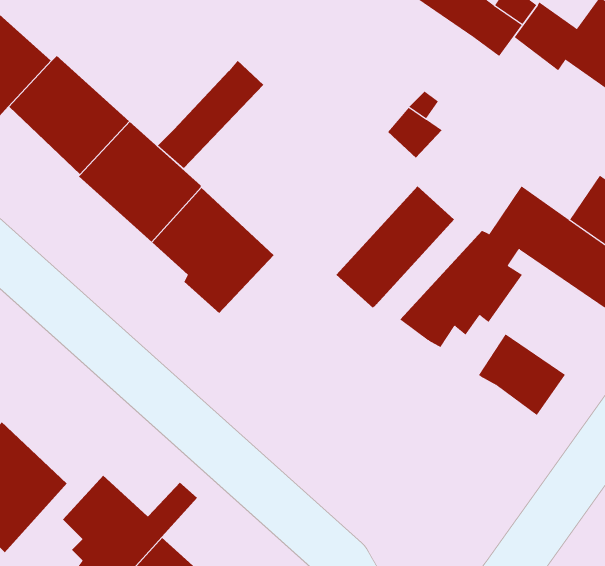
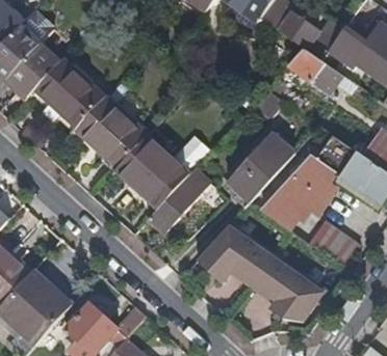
building: none -> [288,48,357,93]
building: [157,60,264,169] -> [148,168,210,231]
building: none -> [197,221,326,323]

